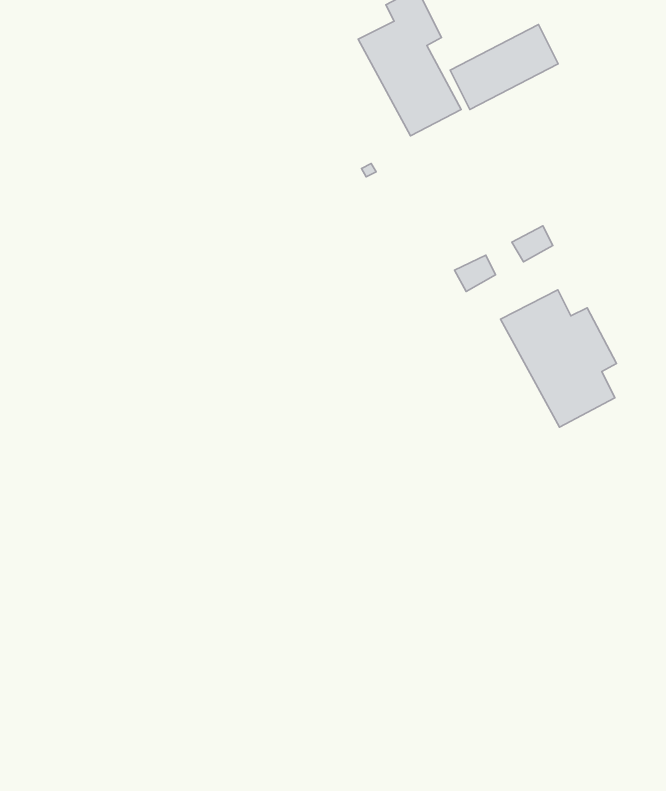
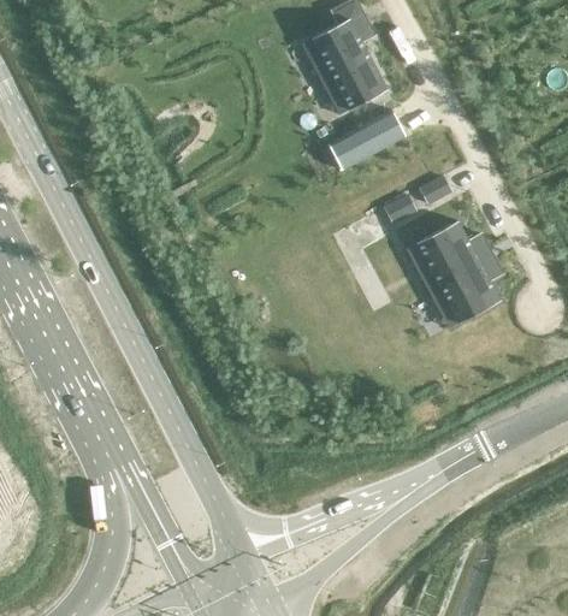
building: [450,24,558,110] -> [323,111,402,173]

